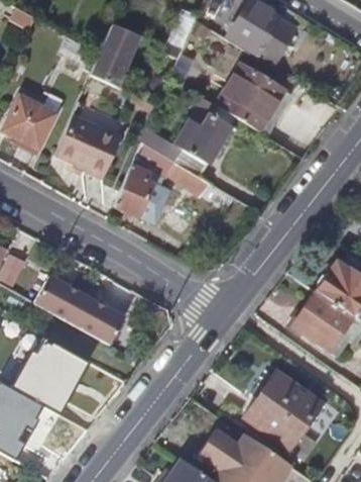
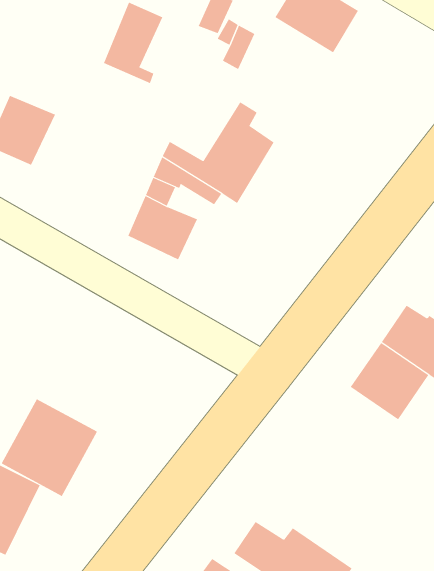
building: [215,65,291,138] -> none
building: [56,111,123,170] -> none
building: [35,277,125,346] -> none
building: [244,373,320,450] -> none

